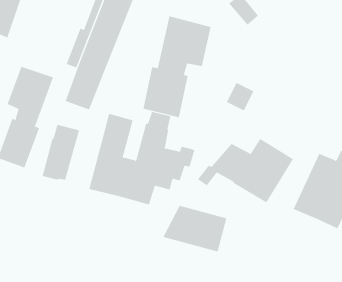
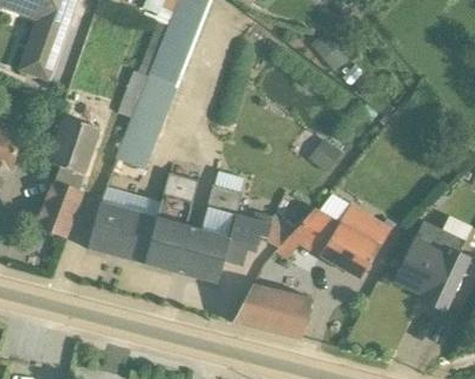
building: [143,15,211,118] -> none
building: none -> [117,193,161,263]

